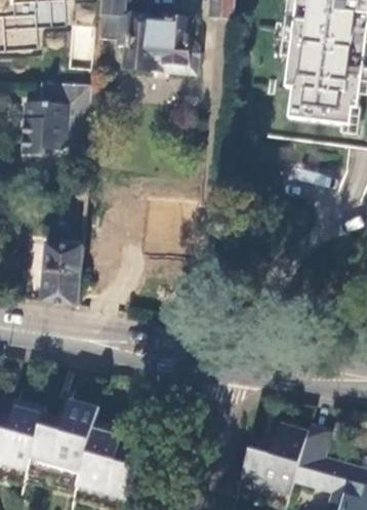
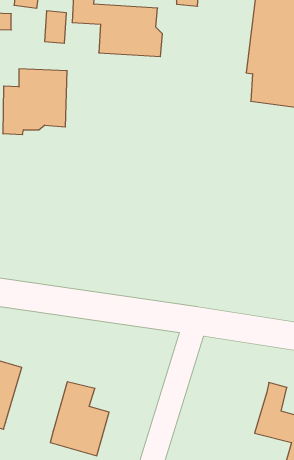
building: [25,242,83,306] -> none
building: [25,400,95,475] -> none
building: [239,425,307,500] -> none

